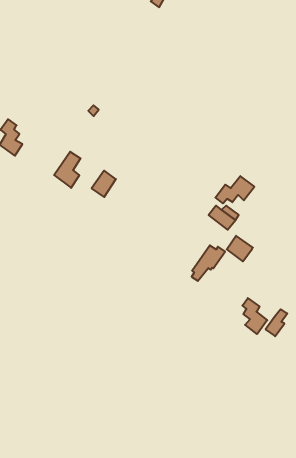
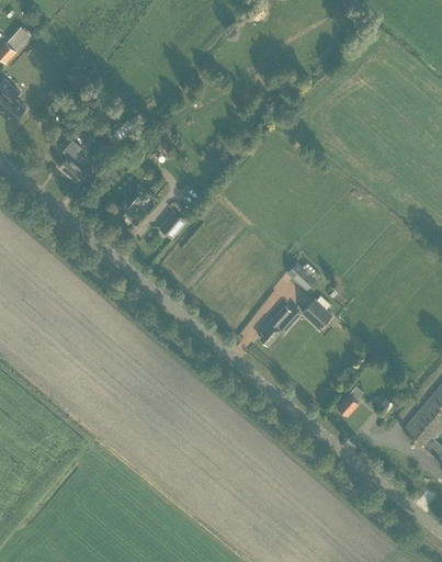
building: [215,176,254,203] -> none
building: [242,298,267,334] -> none

